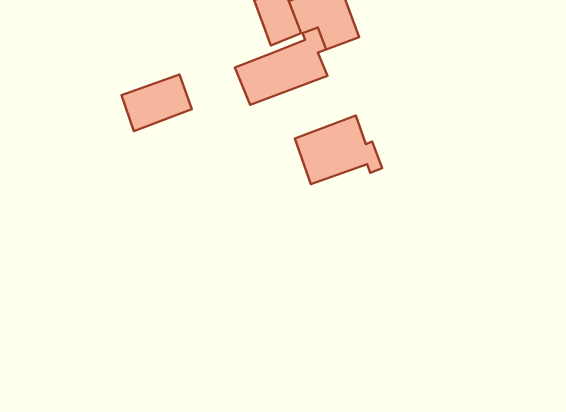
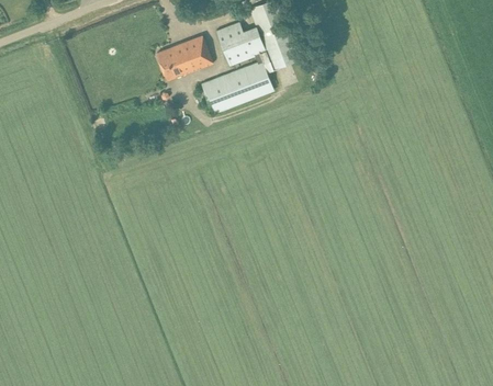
building: [121,75,192,131] -> [157,35,213,80]
building: [295,116,382,184] -> none

